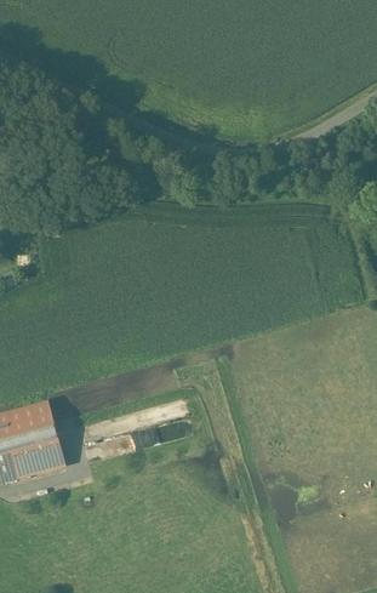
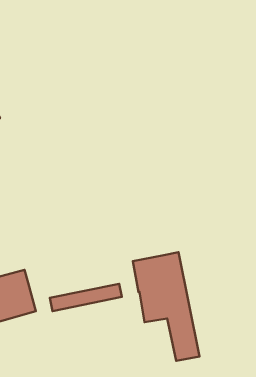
building: none -> [133,252,199,361]

